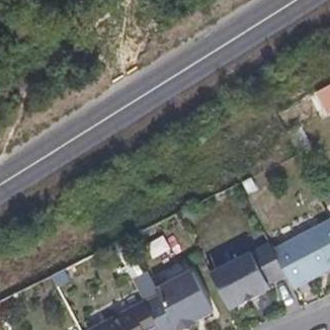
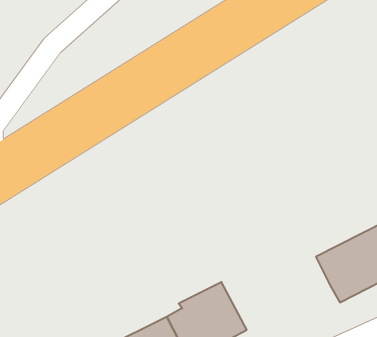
building: [209,243,282,309] -> none

